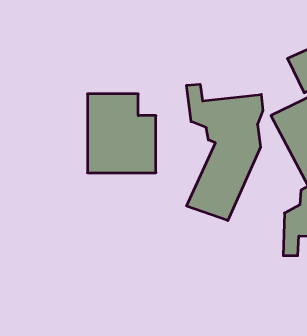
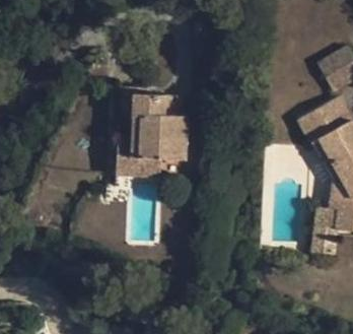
building: [187,84,263,221] -> none

